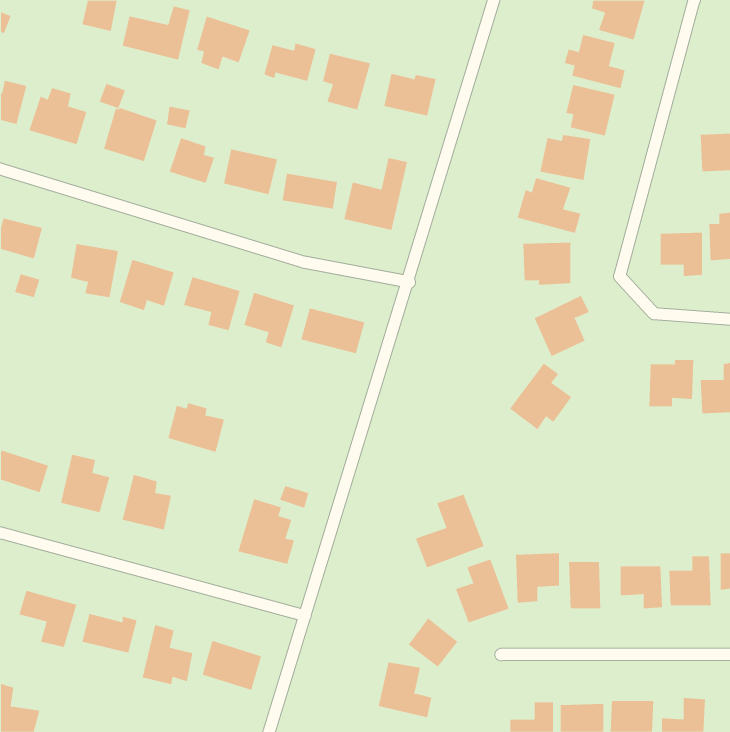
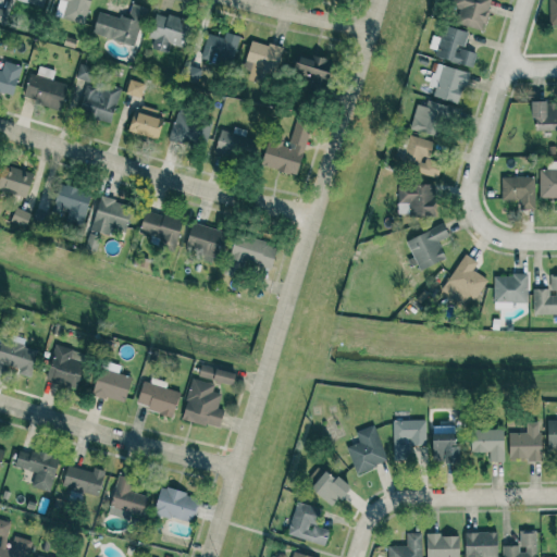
building: [509,363,572,430] -> [441,255,488,306]
building: [167,402,225,452] -> [137,379,181,417]
building: [415,494,485,568] -> none

